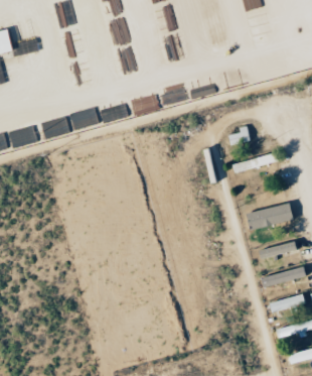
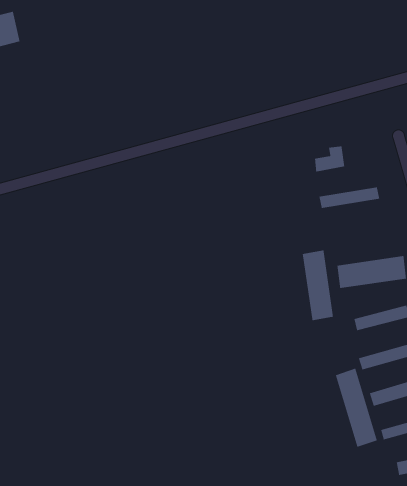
building: none -> [302,250,334,321]
building: none -> [335,368,378,448]

